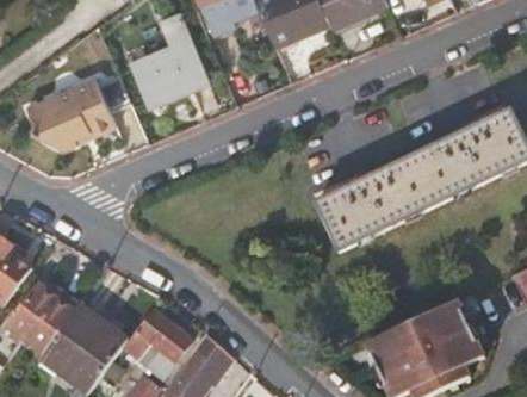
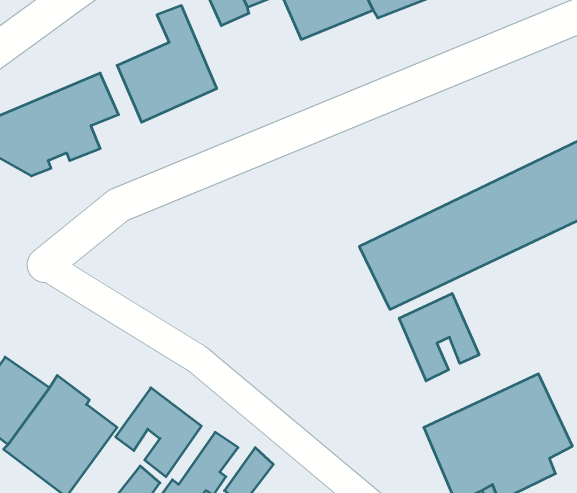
building: none -> [399,293,479,381]

